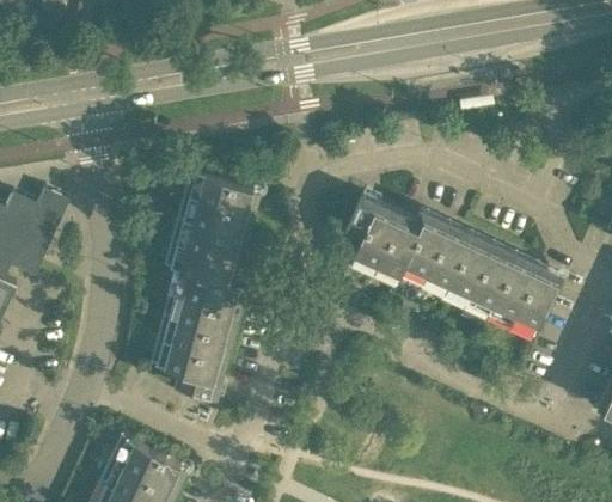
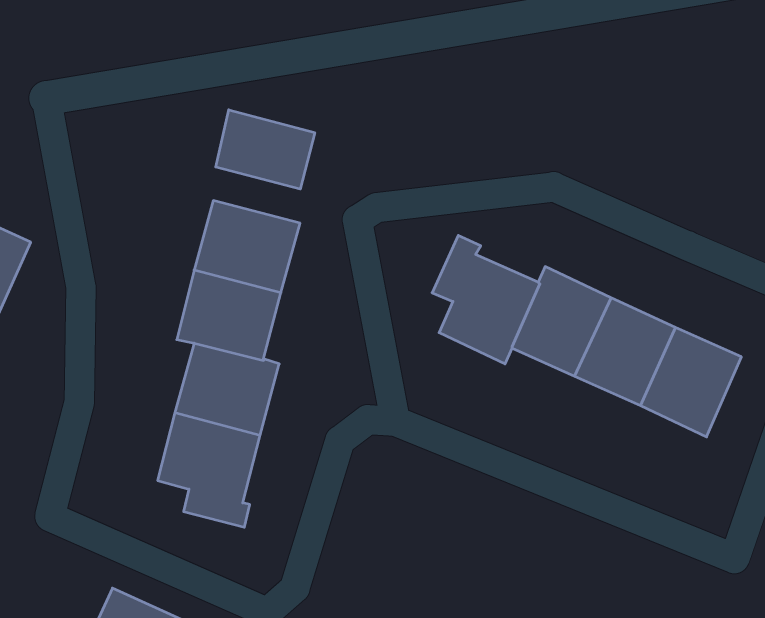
building: none -> [216,110,315,189]

